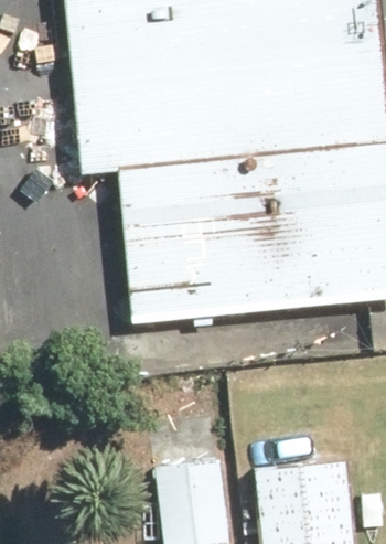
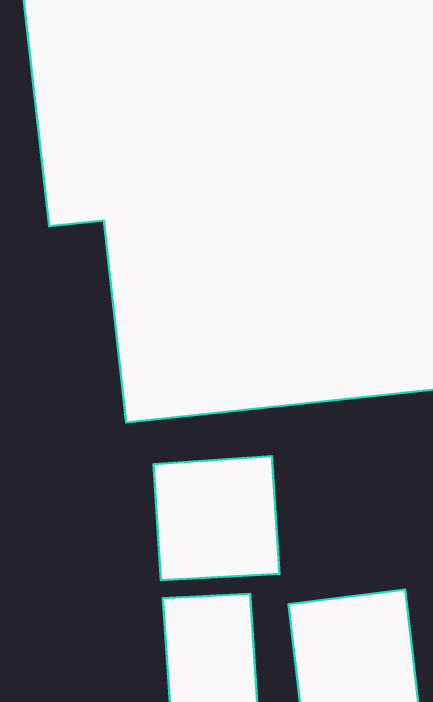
building: none -> [153,456,279,580]

